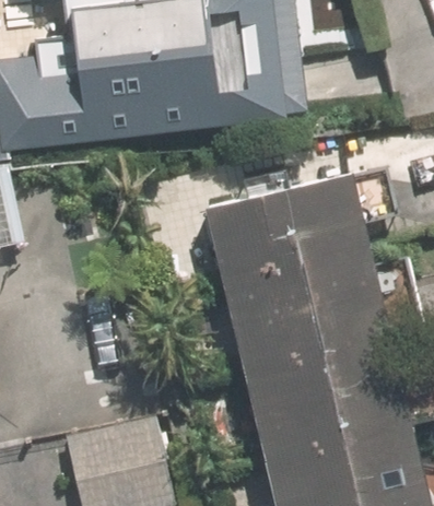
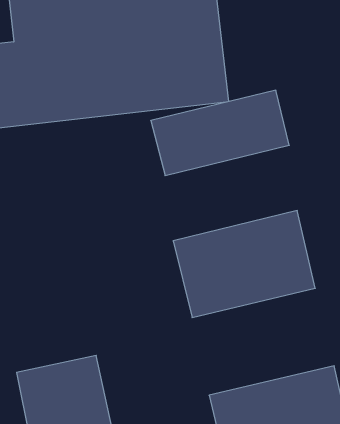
building: [210,181,370,280] -> [151,90,289,176]
building: [248,334,412,458] -> none

